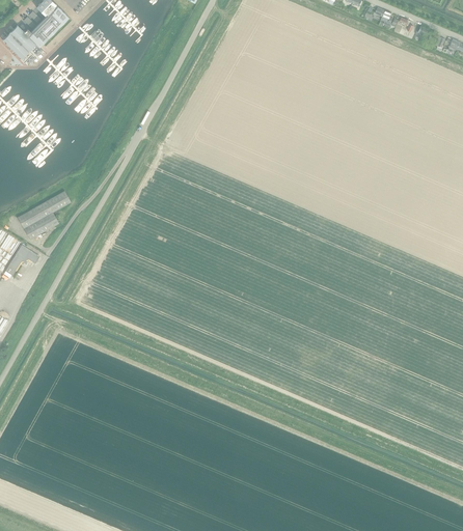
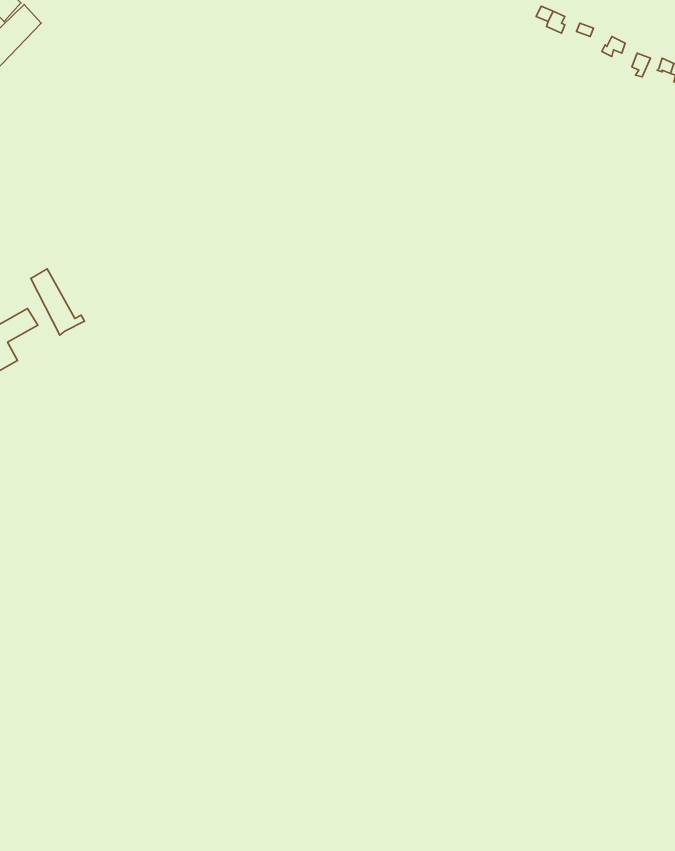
building: none -> [31,269,84,335]

